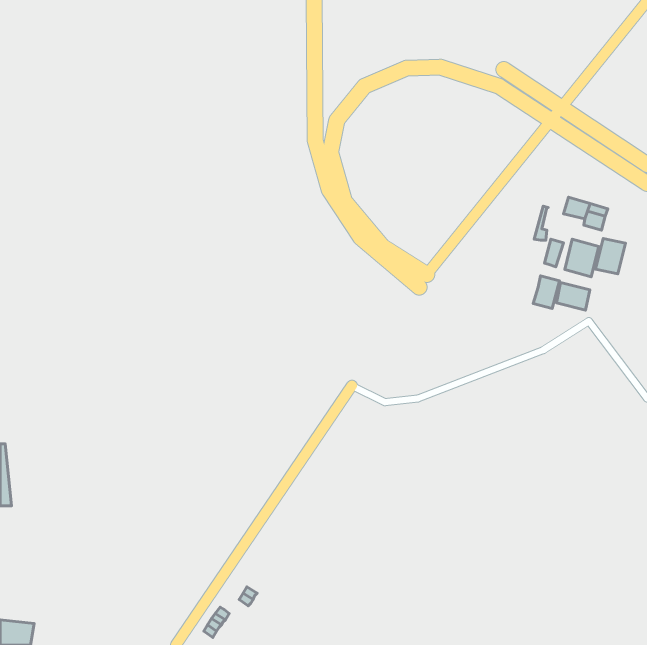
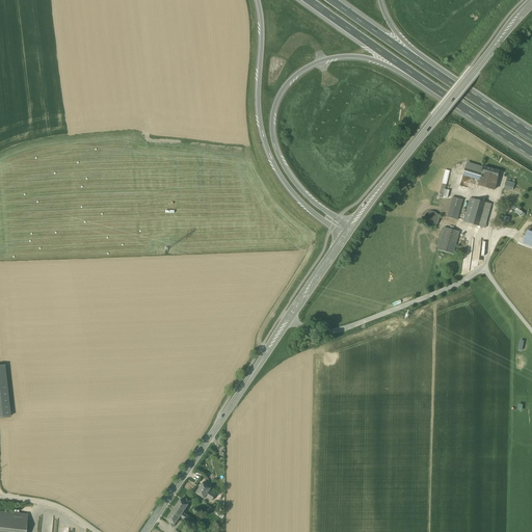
building: [596,239,626,274] -> none
building: [556,282,590,310] -> none

